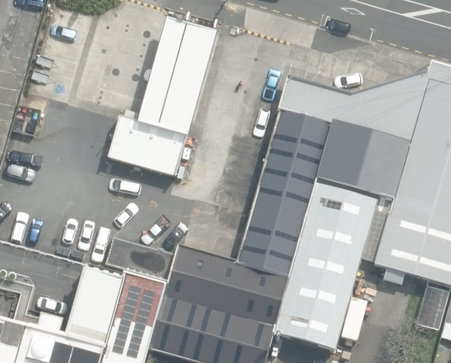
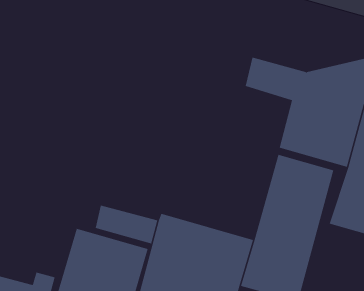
building: [108,17,224,182] -> none
building: [234,107,329,271] -> none

